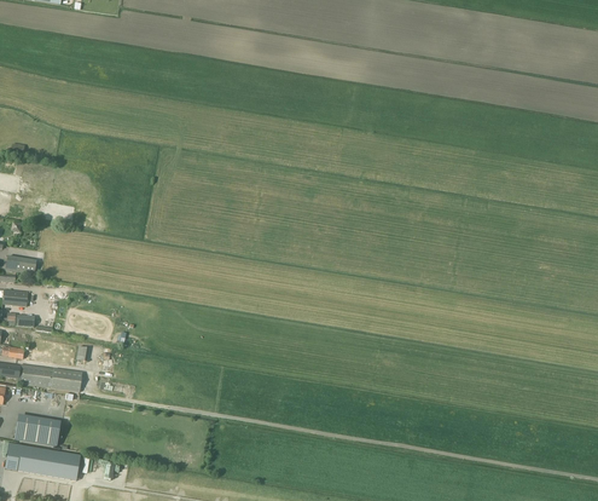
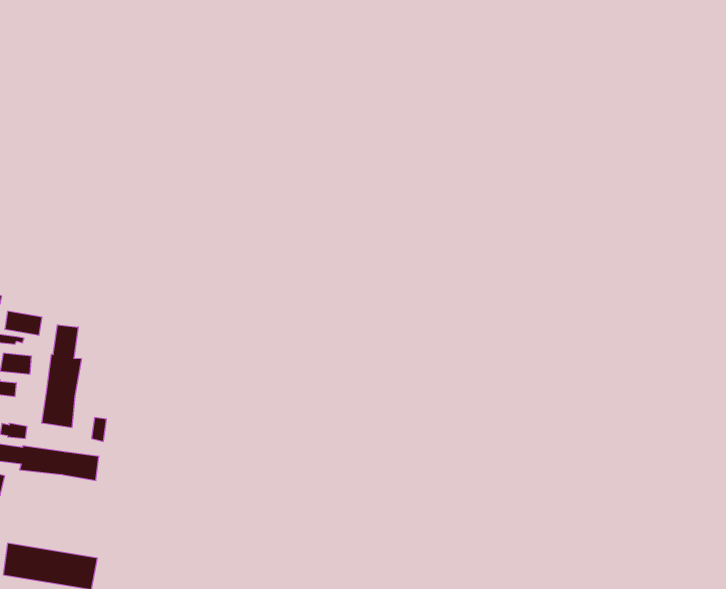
building: none -> [42,325,81,428]
building: [14,416,60,444] -> none

